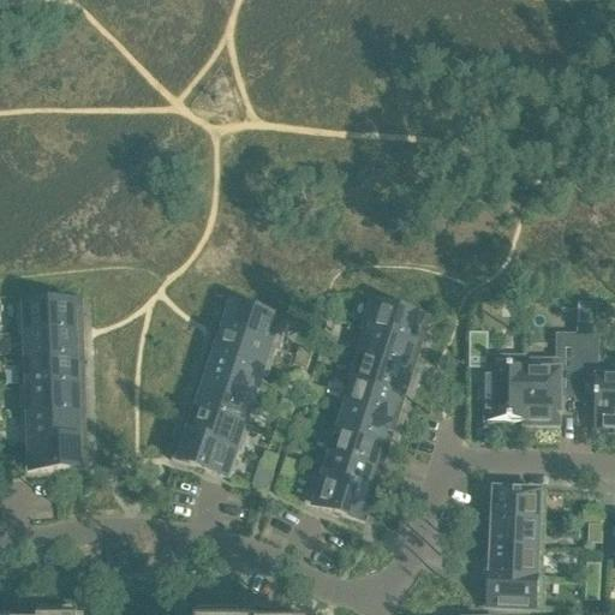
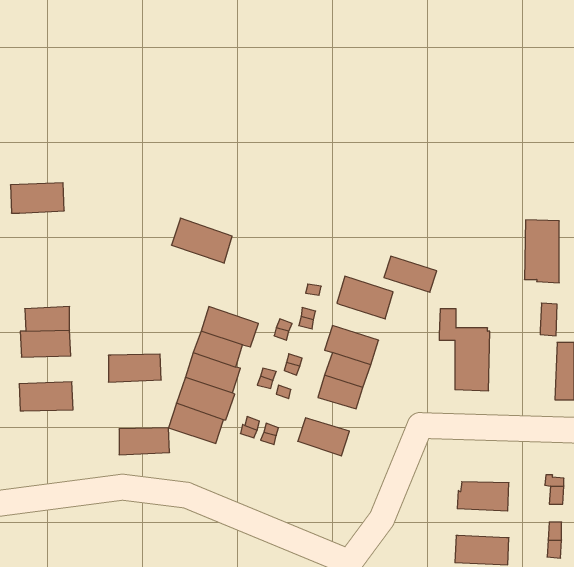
building: [17,298,74,330] -> [10,183,64,213]
building: [223,299,288,347] -> [171,218,232,263]
building: [356,326,412,364] -> [384,256,437,292]
building: [523,354,560,422] -> [524,220,559,283]
building: [20,381,77,411] -> [108,354,161,382]
building: [327,423,381,461] -> none
building: [25,438,79,467] -> [119,428,170,455]
building: [304,471,365,515] -> none
building: [491,485,545,517] -> none
building: [489,544,543,575] -> none

